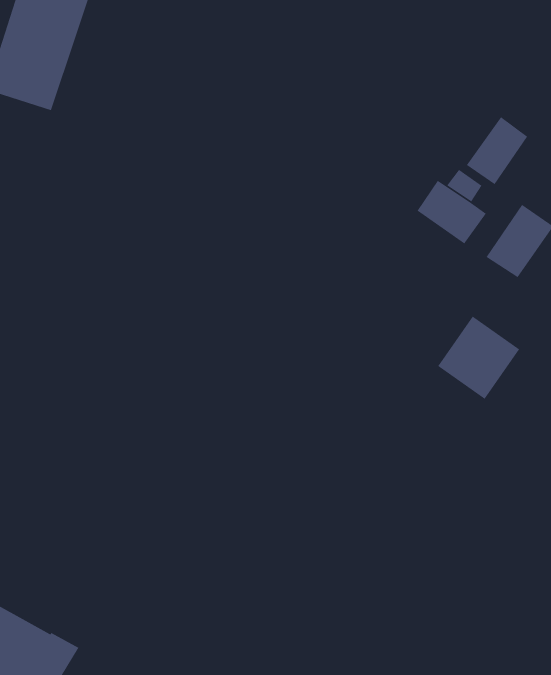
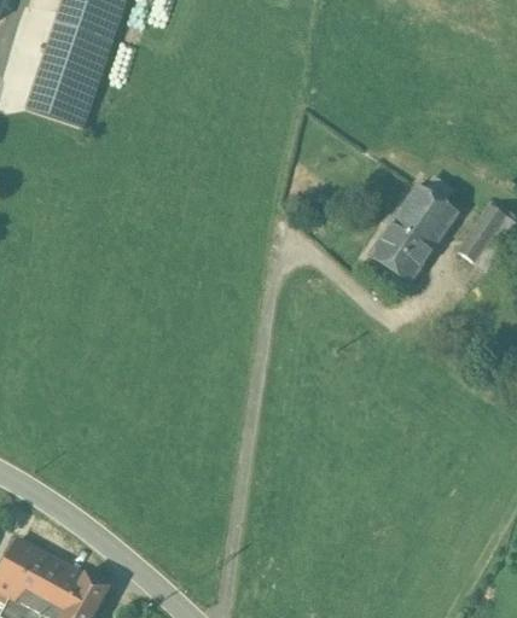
building: [466,116,528,185] -> none
building: [437,316,520,400] -> [367,211,438,284]

